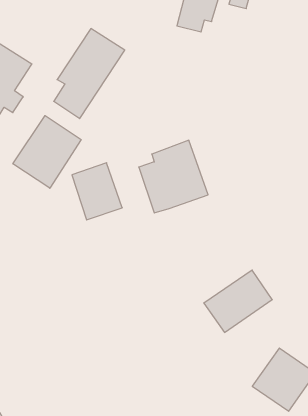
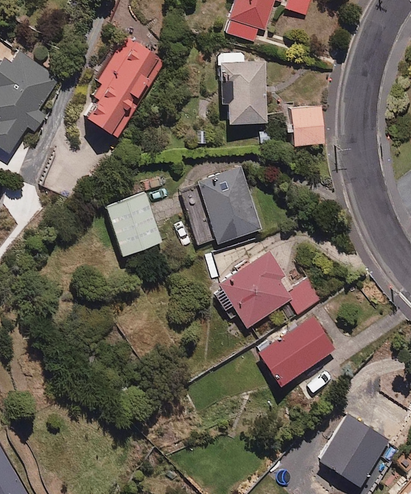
building: none -> [219,54,266,125]
building: none -> [290,106,323,146]
building: [13,116,81,188] -> none
building: none -> [210,251,318,329]

